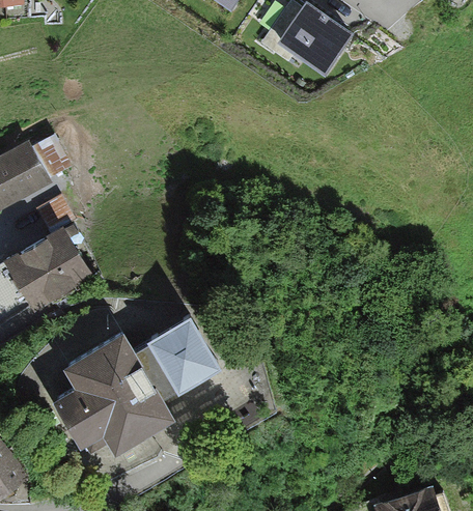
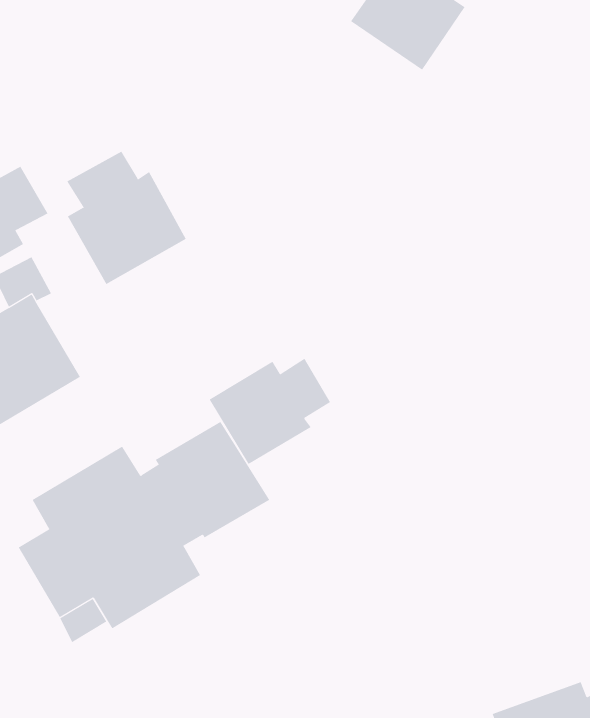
building: none -> [67,151,187,285]
building: none -> [209,358,331,465]

